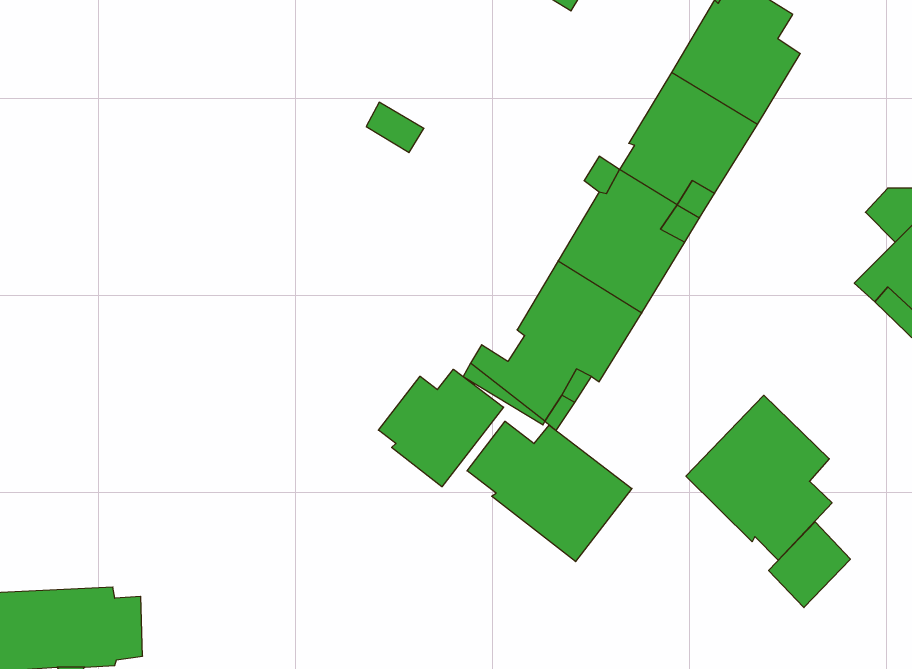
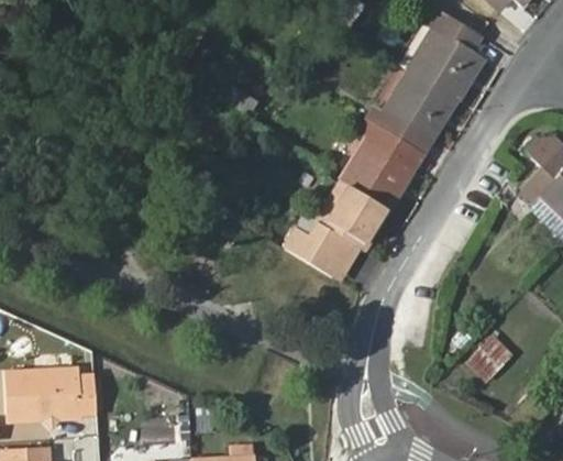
building: [378,369,504,487] -> none
building: [686,395,832,560] -> none
building: [467,421,632,562] -> none

